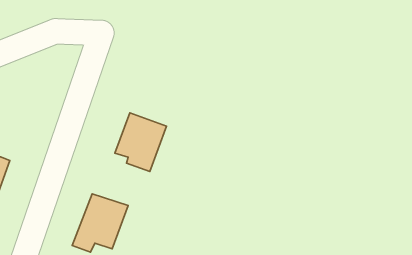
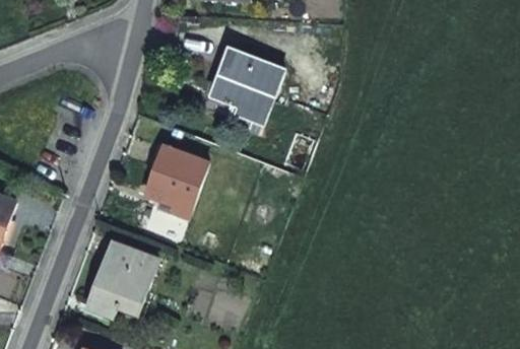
building: none -> [214,52,281,122]

